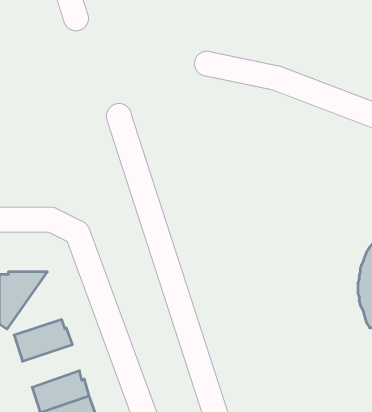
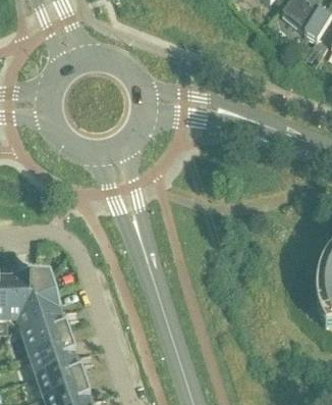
building: none -> [14,274,61,328]
building: none -> [27,337,76,373]

